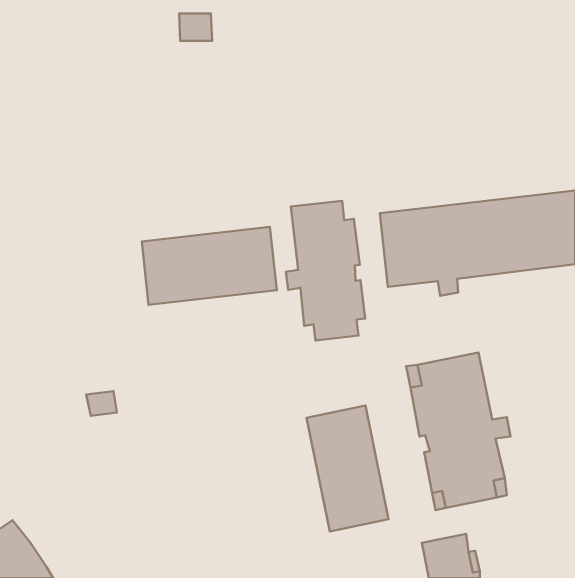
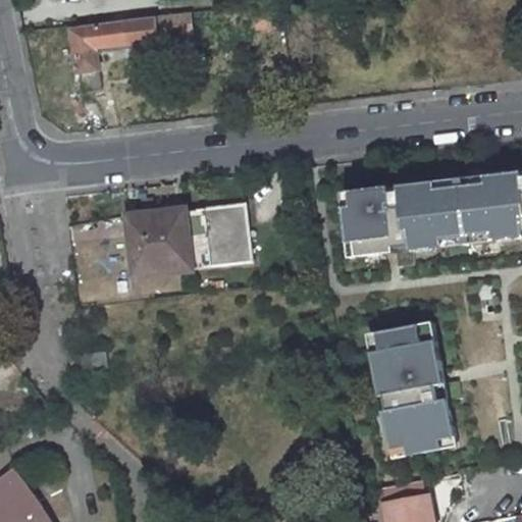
building: none -> [69,18,158,90]
building: [286,201,365,341] -> none
building: [307,406,389,532] -> none

